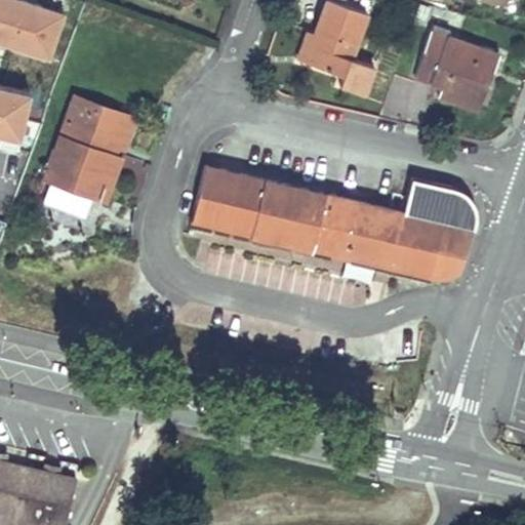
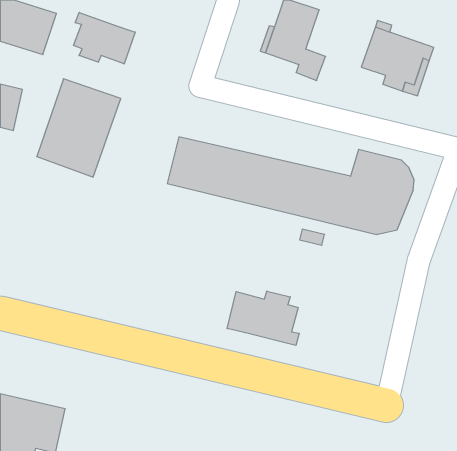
building: none -> [74,12,135,64]
building: none -> [227,291,299,345]

